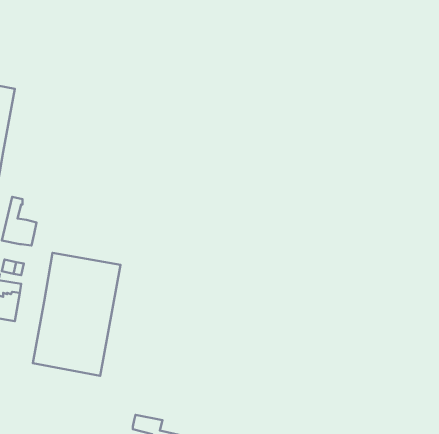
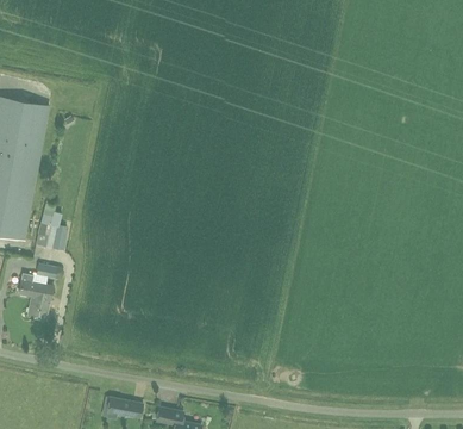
building: [33,253,120,376] -> none
building: none -> [106,398,143,419]

